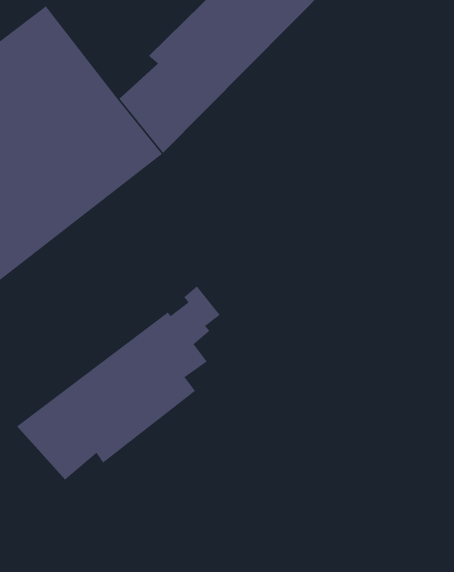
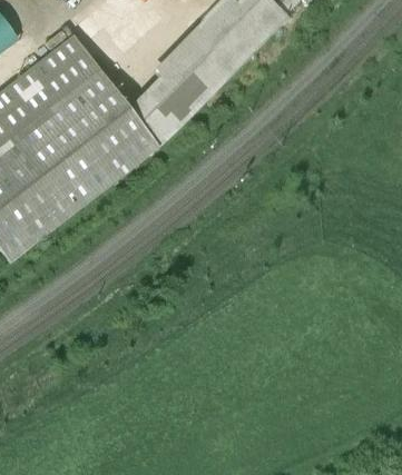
building: [16,285,221,480] -> none

